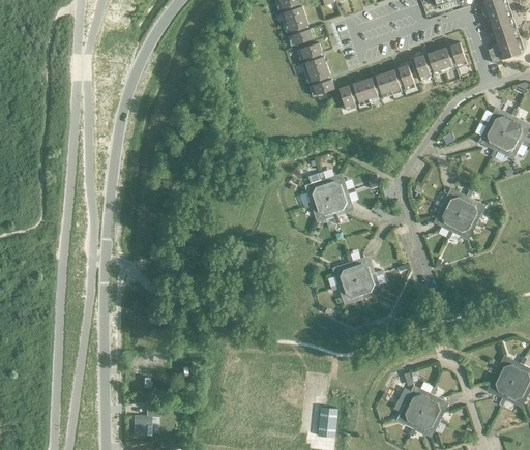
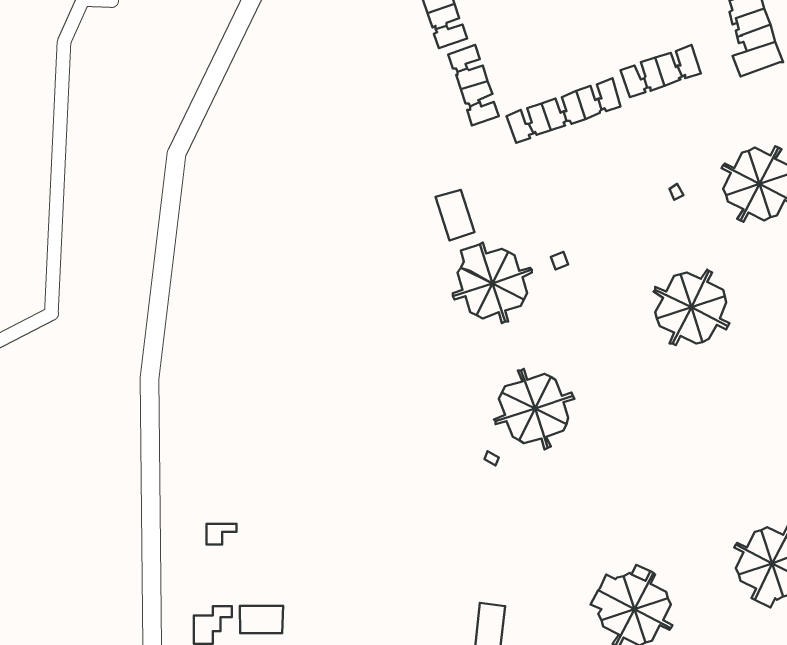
building: none -> [435,190,475,241]
building: none -> [240,606,283,633]

